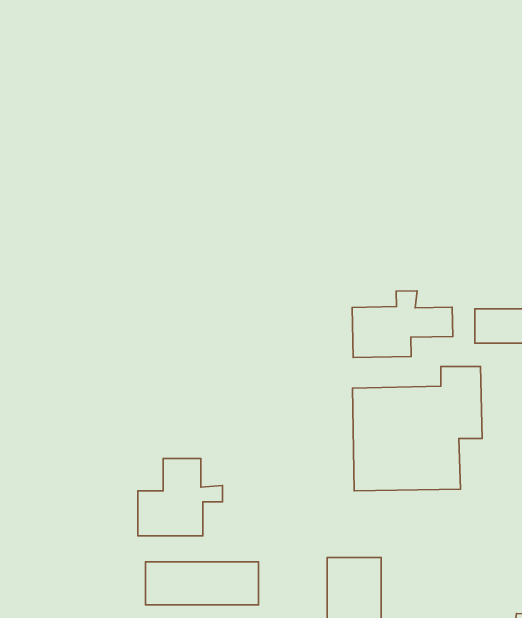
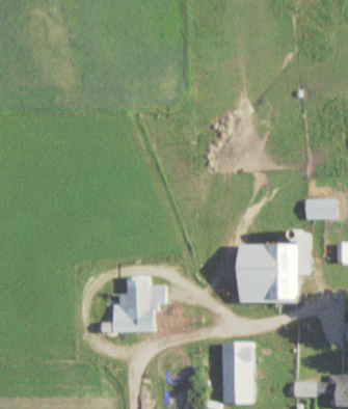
building: [352,291,453,358] -> none
building: [146,562,258,605] -> none

